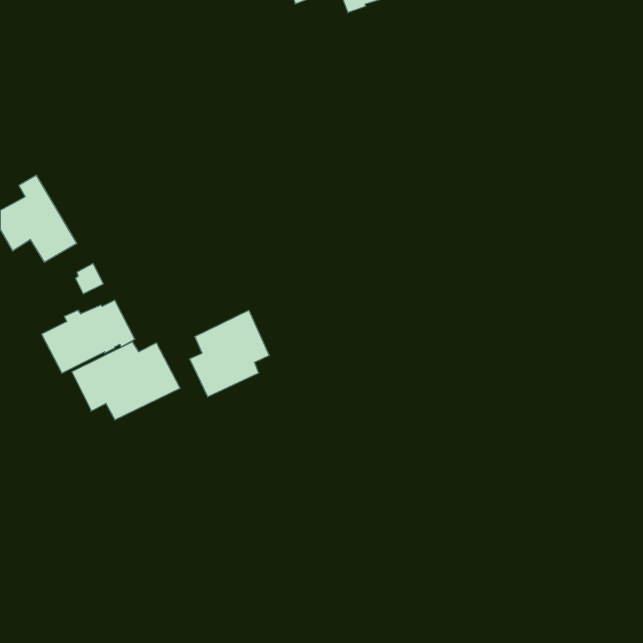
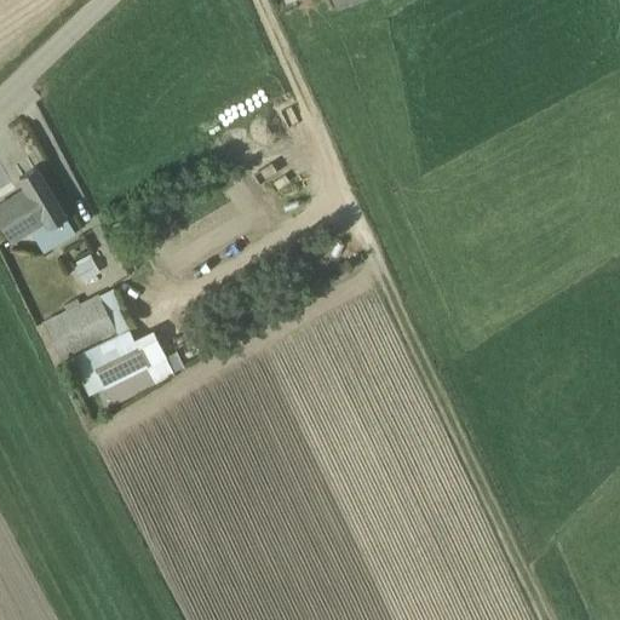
building: [189,310,269,397] -> none

